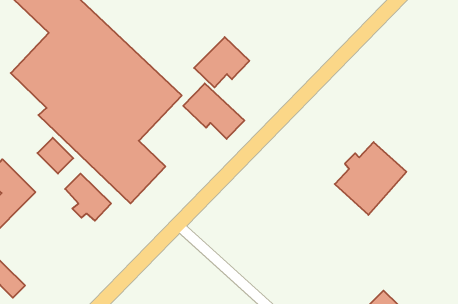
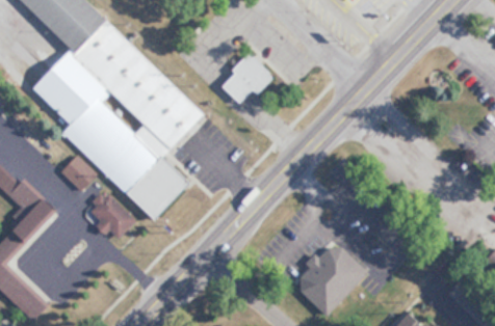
building: [183,83,244,139] -> none
building: [335,142,406,215] -> [294,242,367,316]

